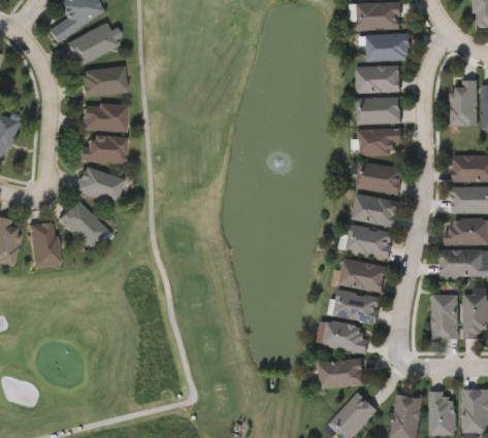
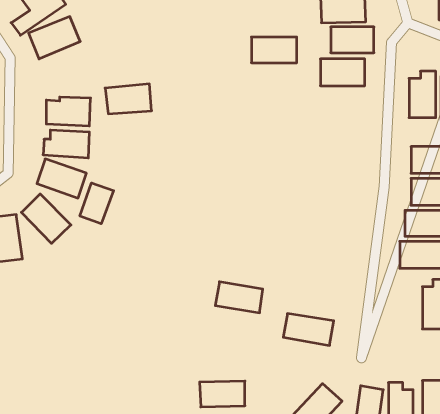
building: [82,67,128,97] -> [105,84,152,114]
building: [359,98,404,124] -> [251,37,297,63]
building: [361,129,404,156] -> none
building: [359,163,405,195] -> none
building: none -> [80,183,114,224]
building: [355,195,402,227] -> none
building: [348,227,395,258] -> none
building: [340,258,389,293] -> none
building: [334,291,382,322] -> [215,282,263,313]
building: [429,294,455,336] -> none
building: [321,361,366,386] -> [200,381,245,407]

